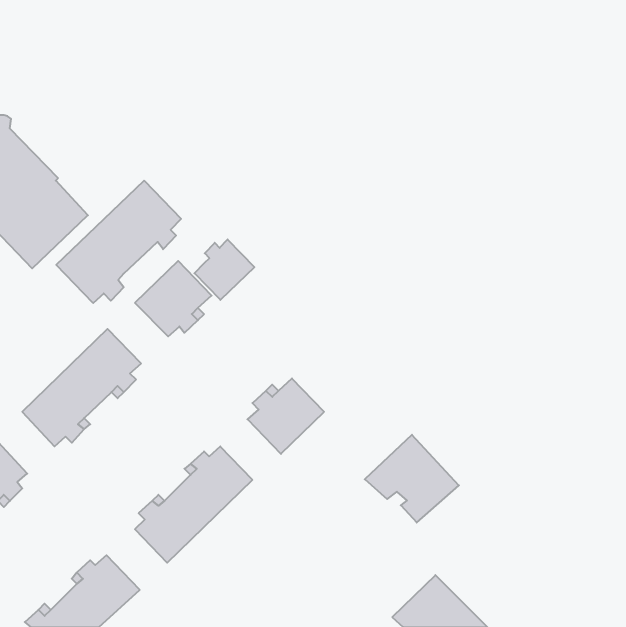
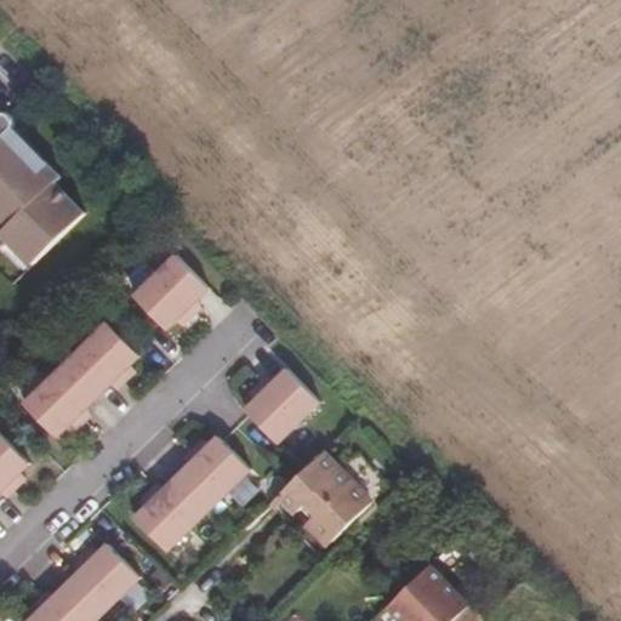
building: [56,181,181,303] -> none
building: [194,239,254,300] -> none
building: [365,435,459,523] -> [275,456,368,542]

